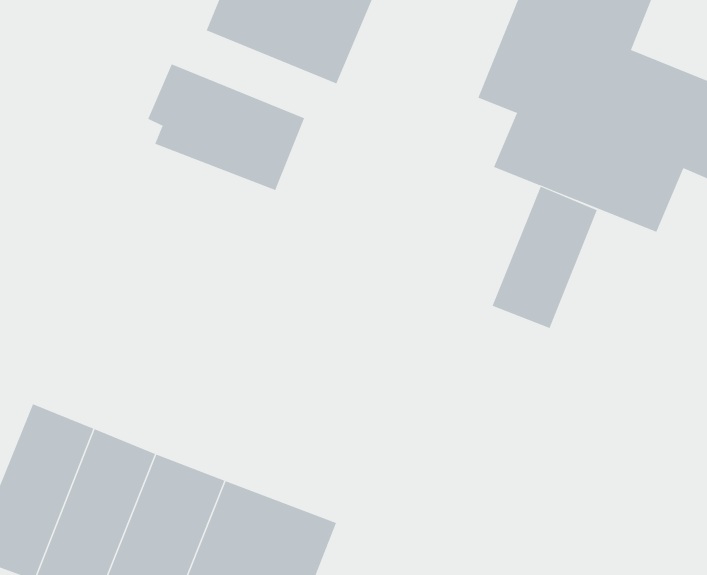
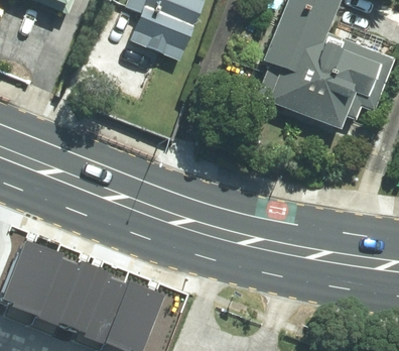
building: [147,63,305,191] -> none
building: [492,186,597,329] -> none

